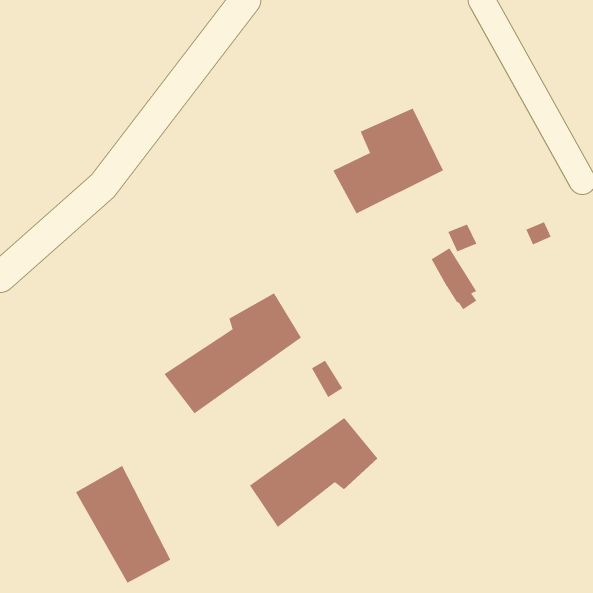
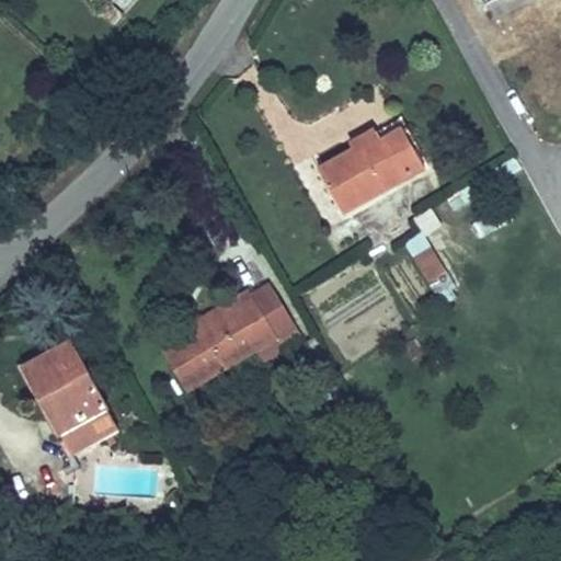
building: [249,417,378,528] -> none
building: [75,465,171,583] -> [25,347,114,457]

